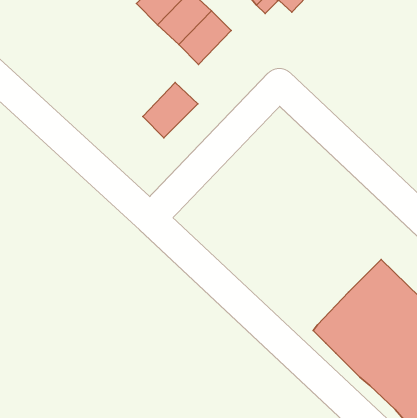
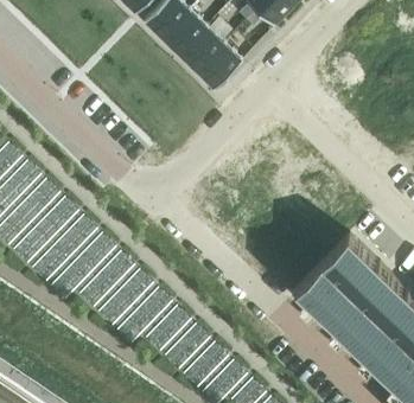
building: [143,83,198,138] -> [197,45,243,91]

